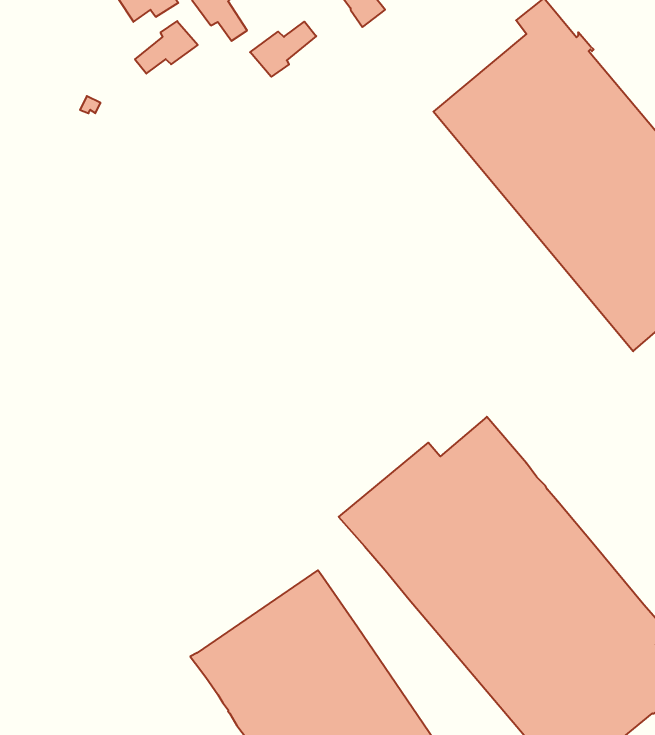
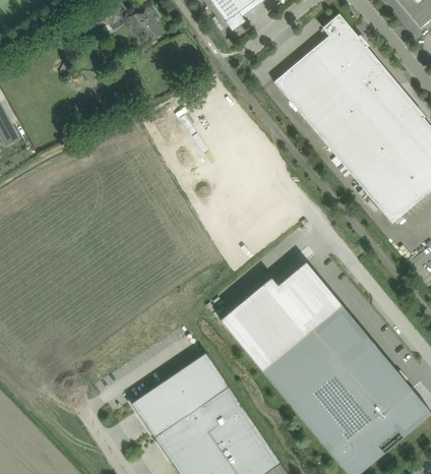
building: [135,21,198,74] -> none
building: [250,22,316,77] -> none

